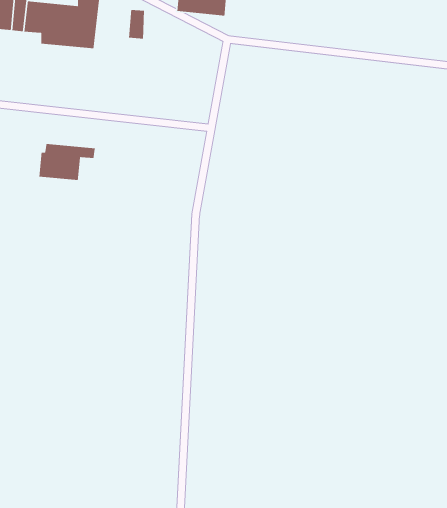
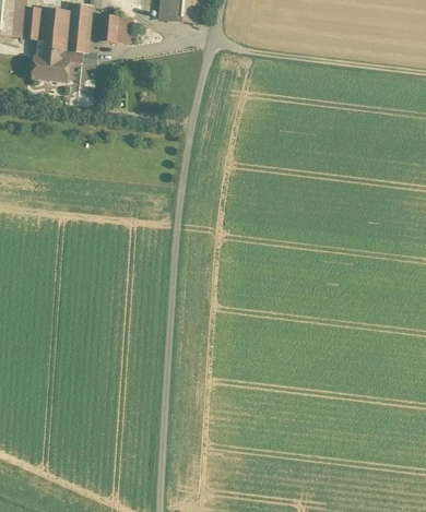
building: none -> [98,14,118,41]
building: [38,143,99,181] -> [31,47,85,81]

